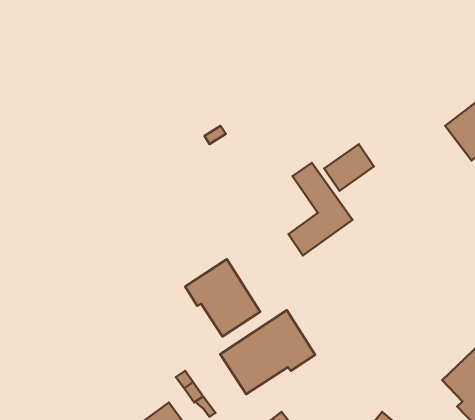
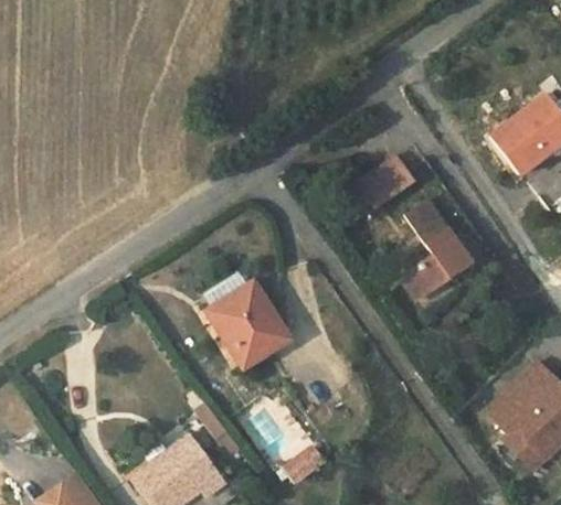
building: [288,163,352,256] -> [400,200,469,300]
building: [220,310,315,394] -> none

